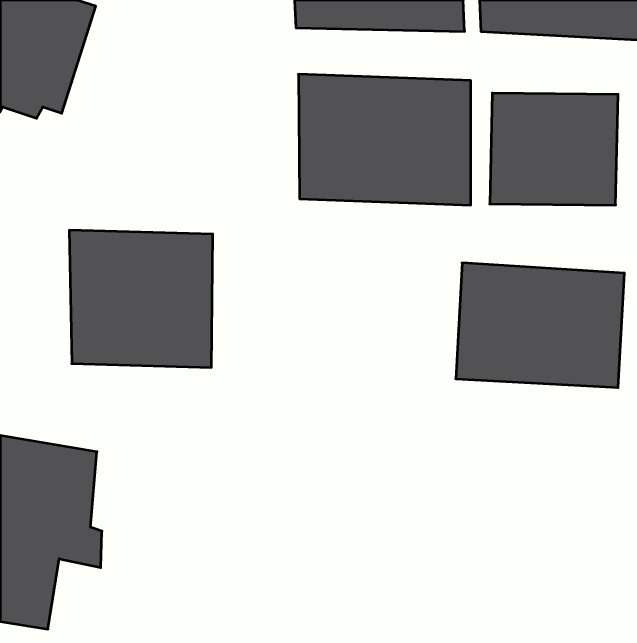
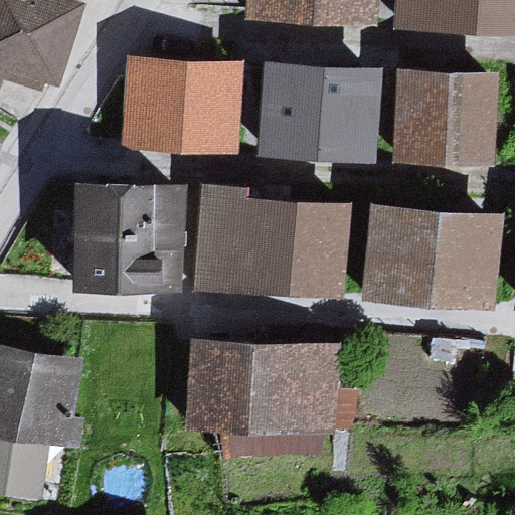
building: none -> [120,57,236,152]
building: none -> [190,191,343,296]
building: none -> [177,340,360,439]

